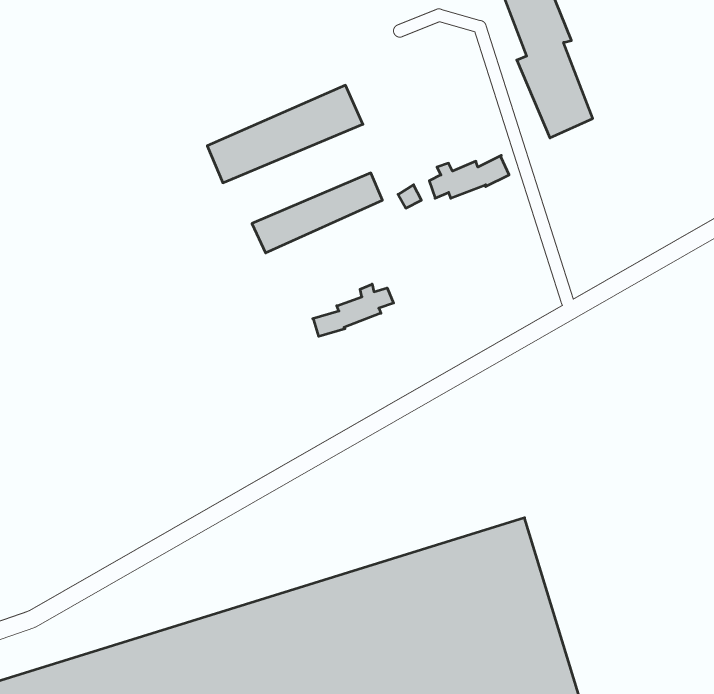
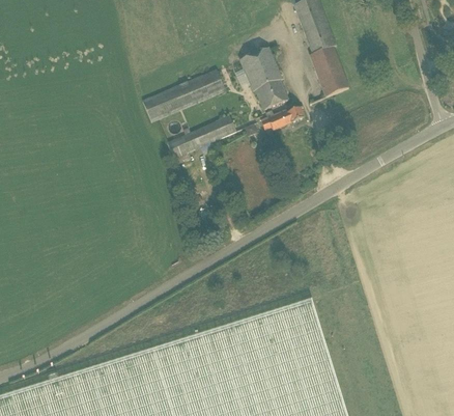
building: none -> [239,48,287,110]
building: [313,284,394,336] -> none

